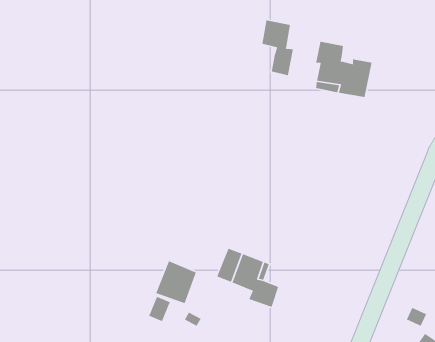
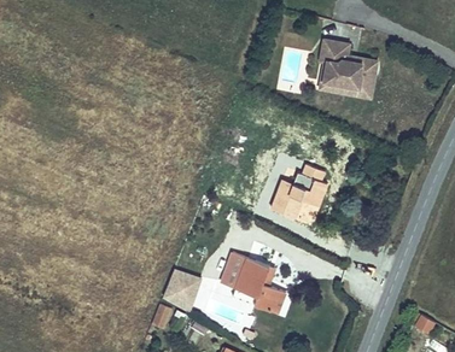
building: [261,19,294,76] -> none
building: none -> [272,168,328,221]

